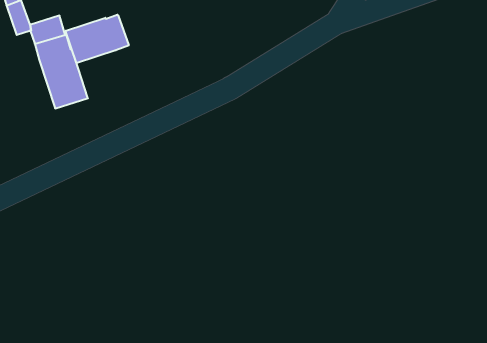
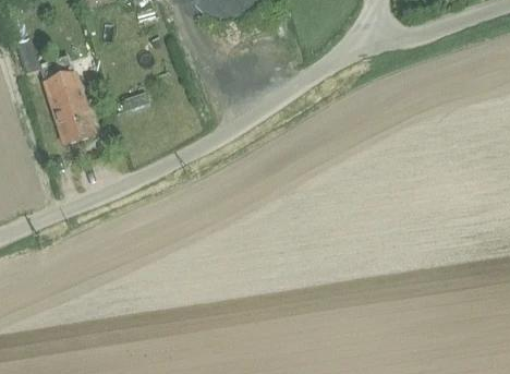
building: [66,15,129,63] -> none

